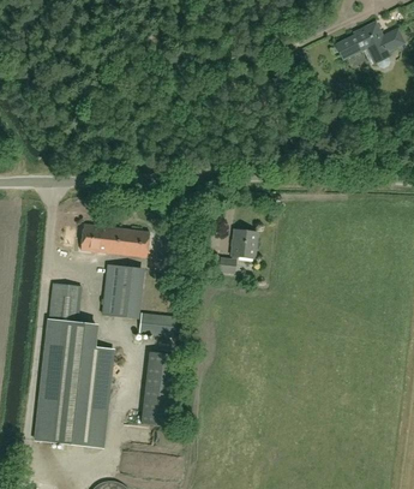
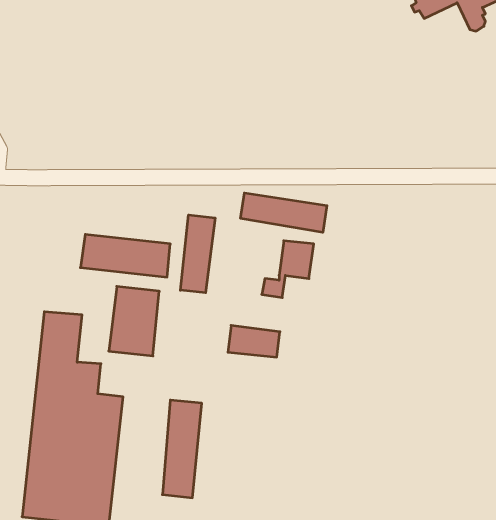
building: none -> [241,193,327,232]
building: none -> [180,215,215,293]
building: [139,312,179,336] -> [228,325,280,357]

